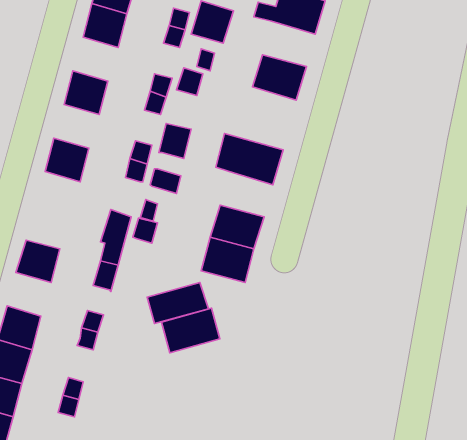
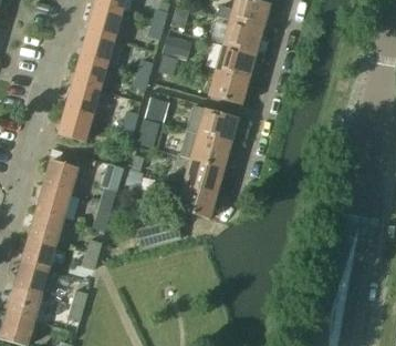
building: none -> [223,19,263,53]
building: none -> [80,31,114,64]
building: none -> [209,69,249,104]
building: none -> [65,82,100,115]
building: none -> [180,130,231,167]
building: none -> [44,160,77,192]
building: none -> [30,210,63,243]
building: [161,308,220,353] -> none

